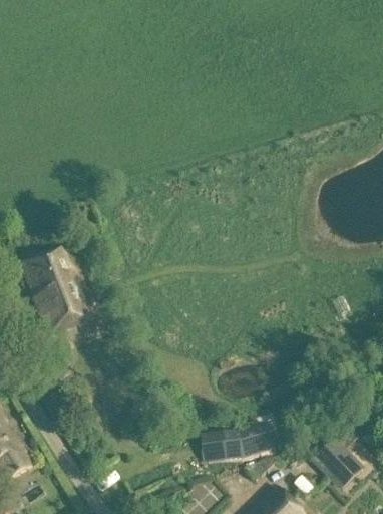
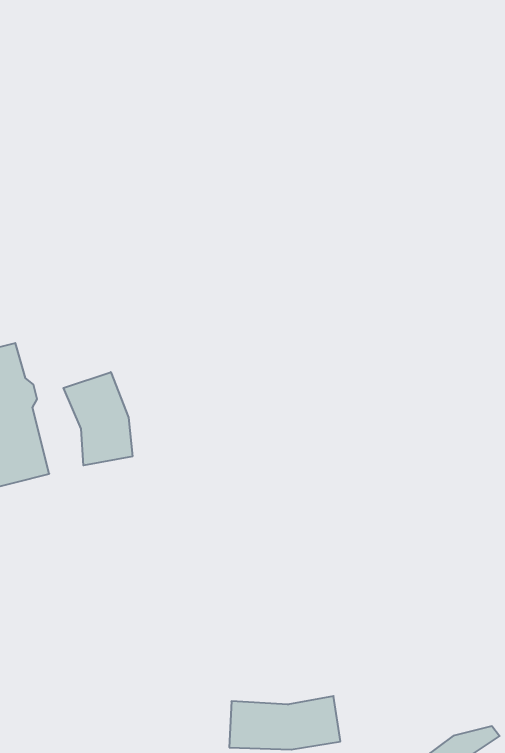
building: none -> [63,372,132,465]

